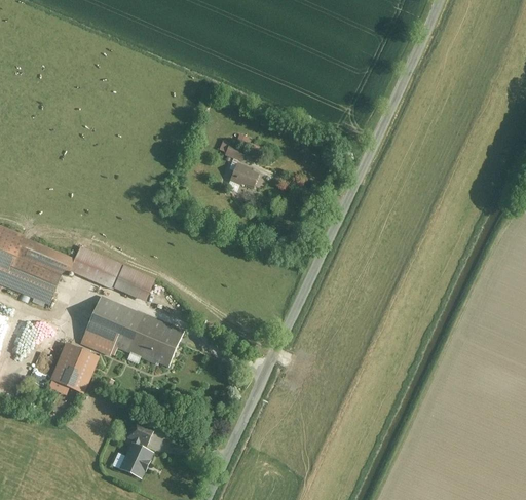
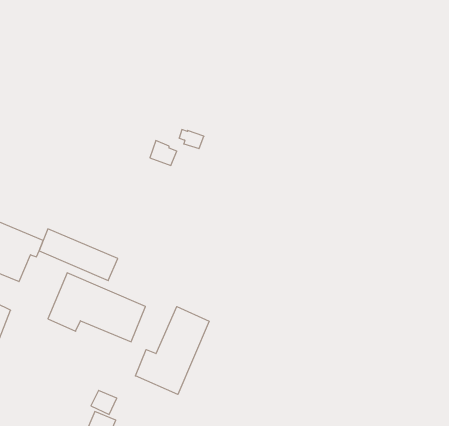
building: [230,162,259,189] -> [150,141,177,165]
building: none -> [135,307,209,394]
building: [49,342,99,393] -> none

